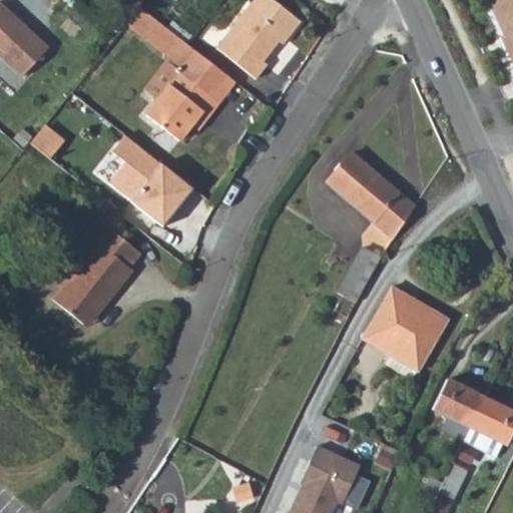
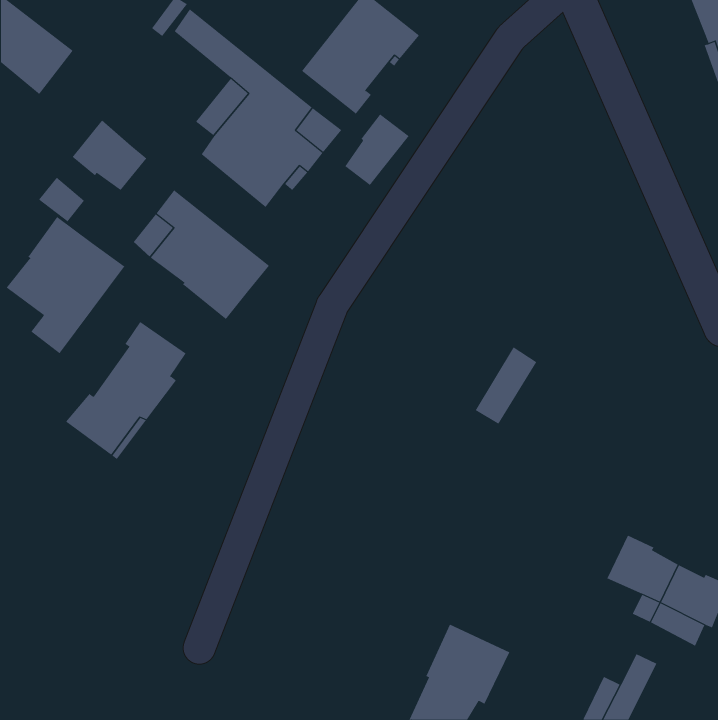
building: none -> [344,114,410,186]
building: none -> [72,119,147,191]
building: [329,152,415,238] -> none
building: none -> [6,216,125,354]
building: [364,287,448,379] -> none

